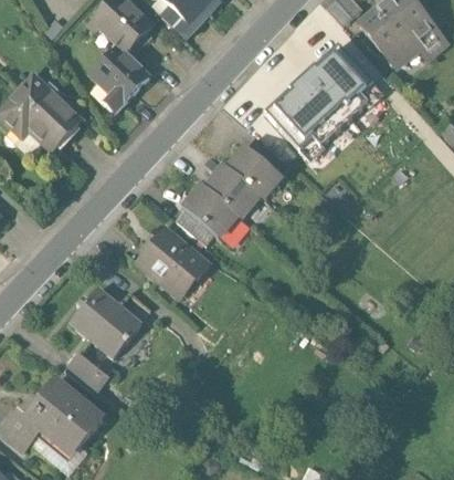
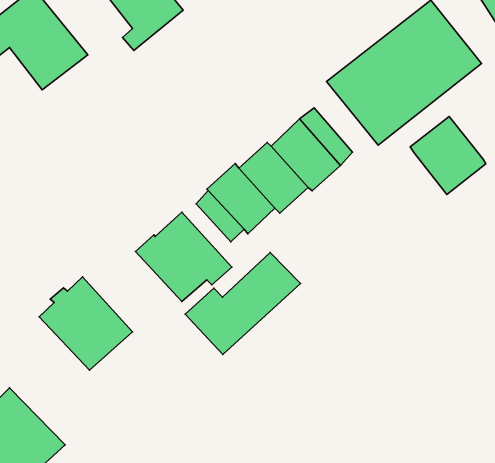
building: none -> [410,116,486,194]
building: none -> [185,253,301,354]
building: [65,352,107,392] -> none

